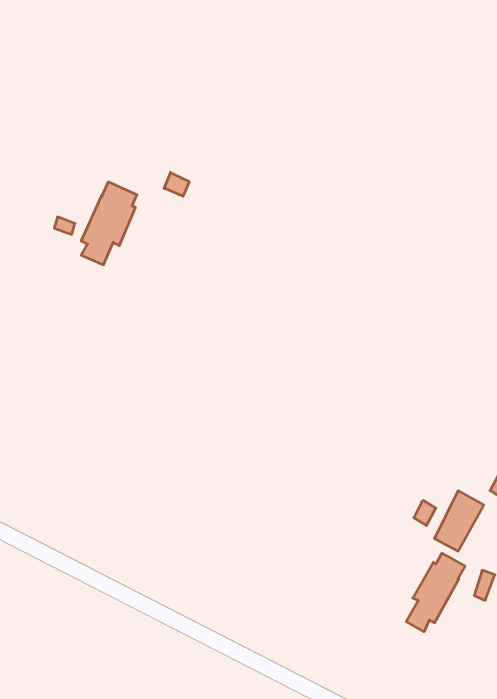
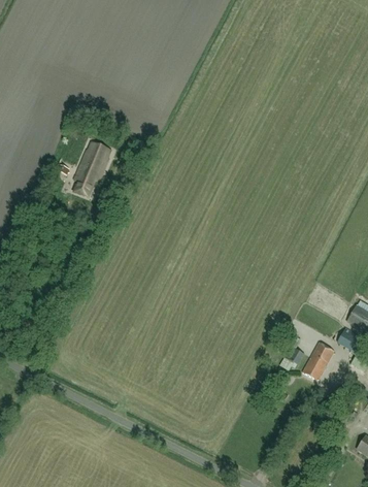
building: [406,553,465,632] -> none

